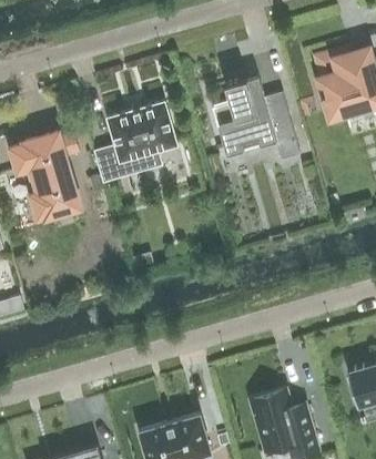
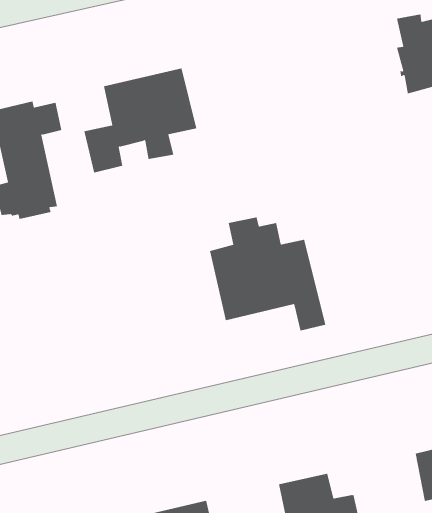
building: [212,79,299,160] -> [209,217,326,331]

